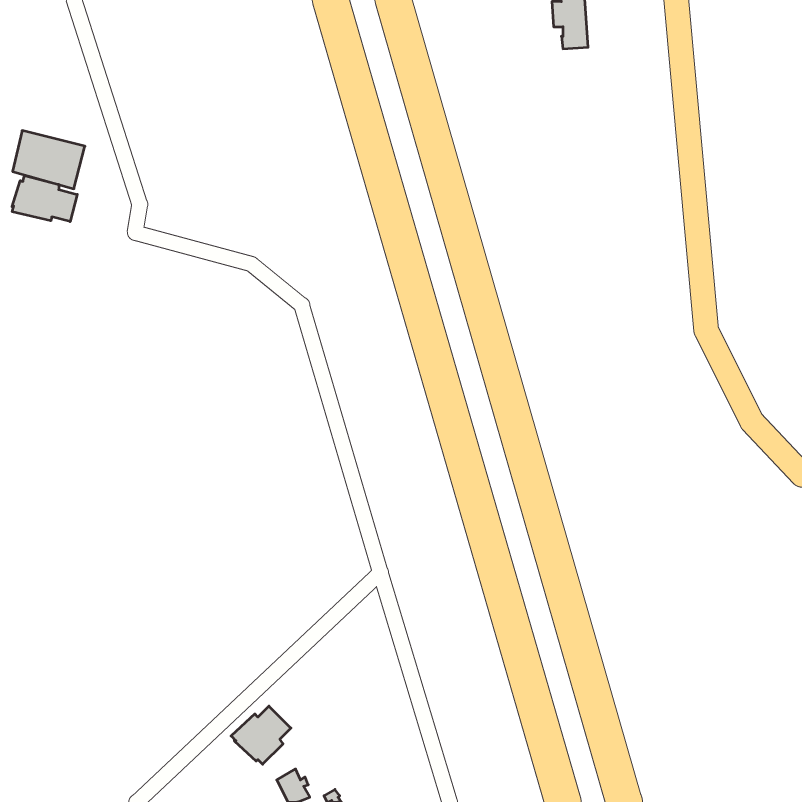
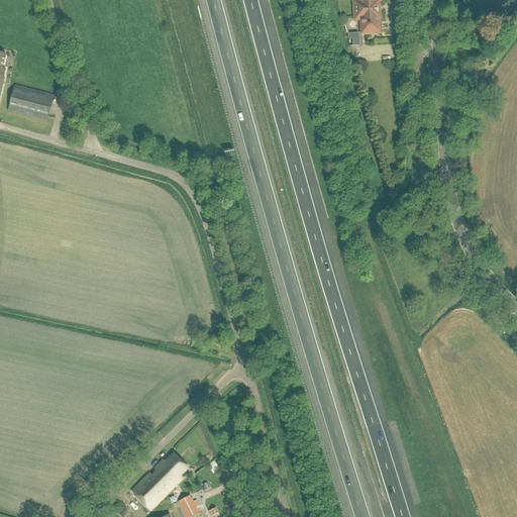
building: [12,176,77,222] -> none
building: none -> [131,473,169,509]

